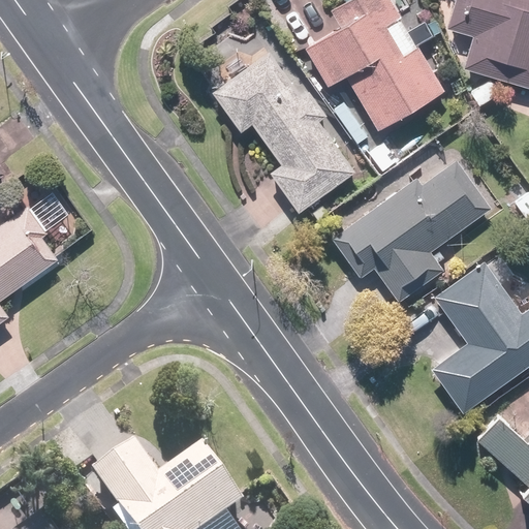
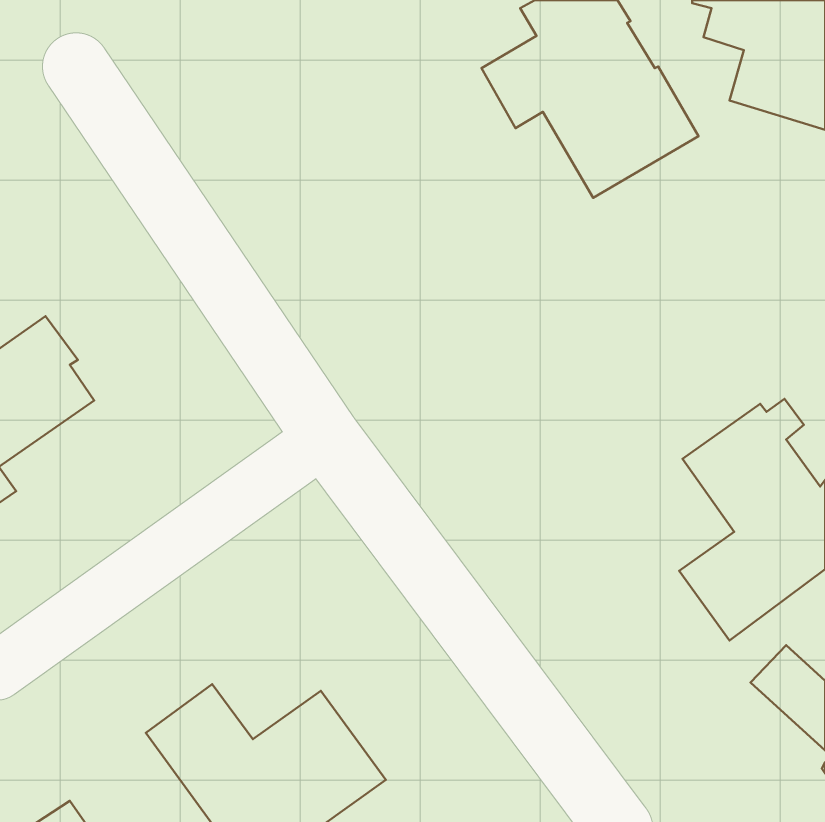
building: [214,52,356,212] -> none
building: [332,160,492,302] -> none

